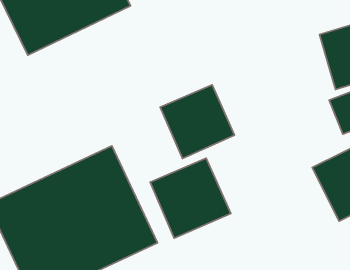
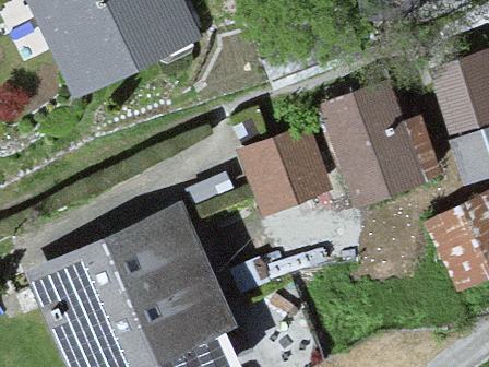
building: none -> [322,81,425,204]
building: [150,158,231,238] -> none

